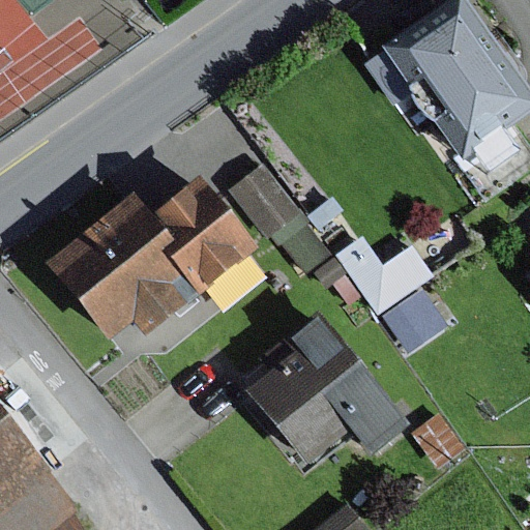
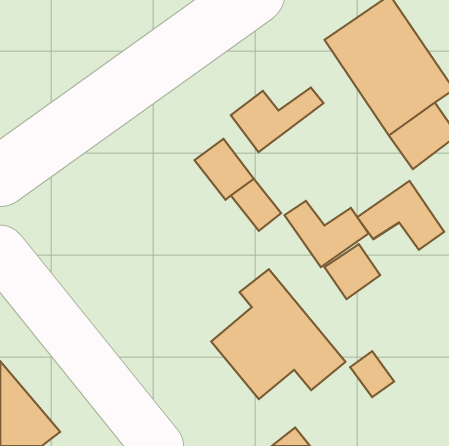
building: none -> [231,87,323,152]
building: [46,178,255,340] -> none
building: none -> [357,181,444,250]

